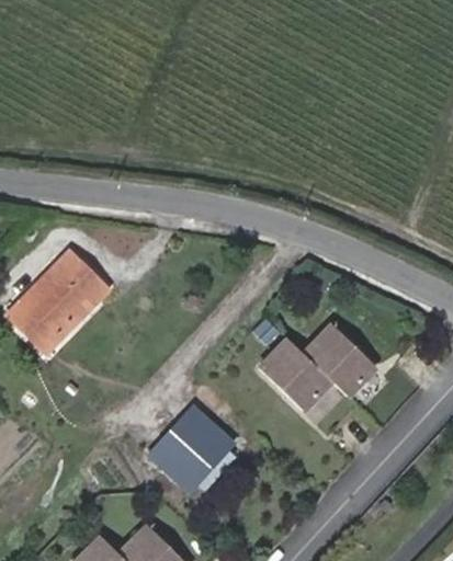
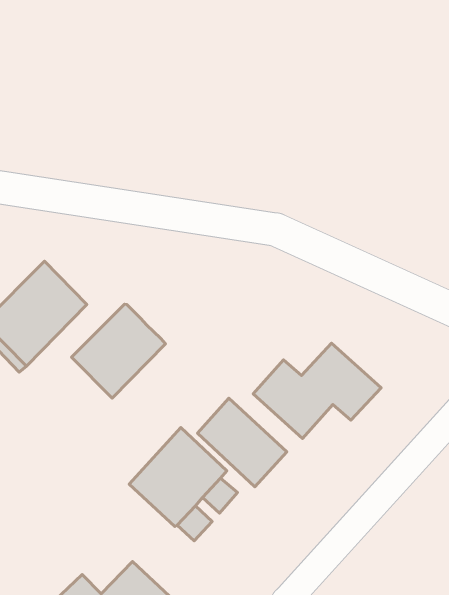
building: none -> [72,304,165,398]
building: none -> [197,398,287,487]

